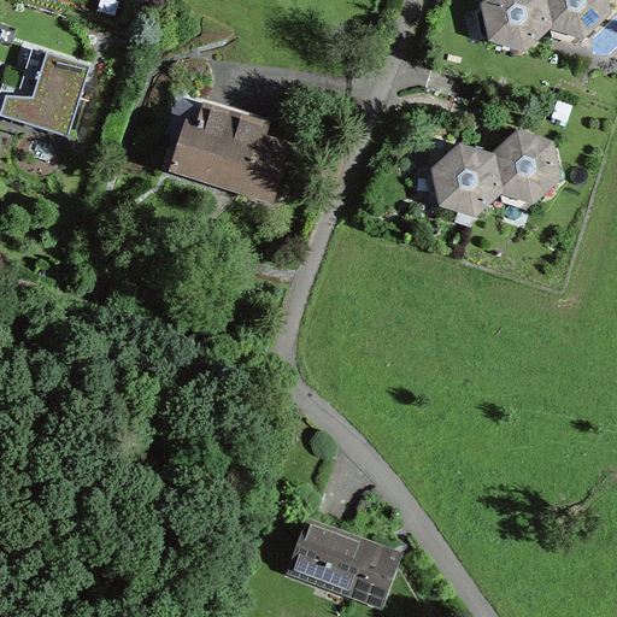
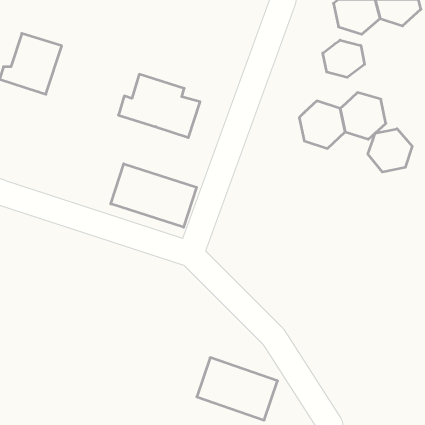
building: none -> [323,40,365,77]
building: none -> [368,129,412,172]
building: none -> [111,164,197,227]

